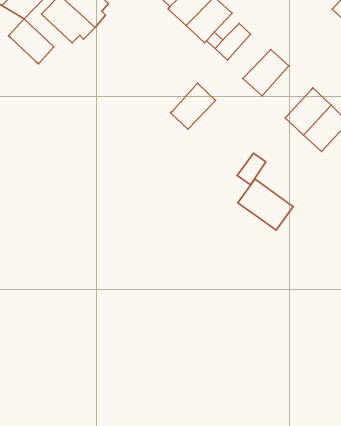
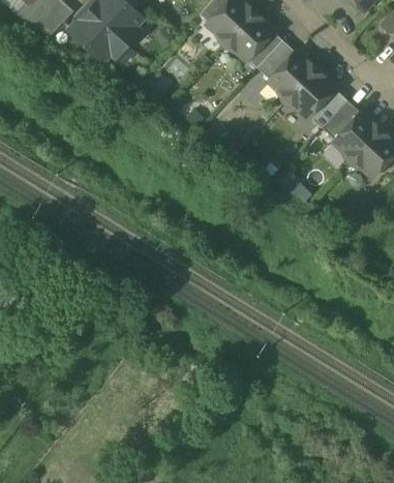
building: [8,19,54,64] -> none
building: none -> [321,100,359,140]
building: [170,83,216,129] -> [267,50,315,99]
building: [238,179,293,230] -> none

